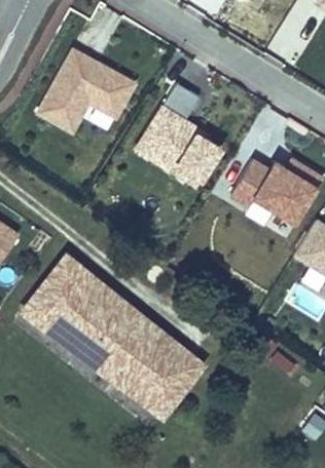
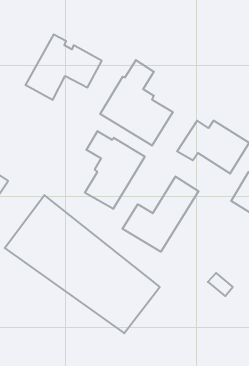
building: none -> [85,131,145,209]
building: none -> [122,176,199,252]

